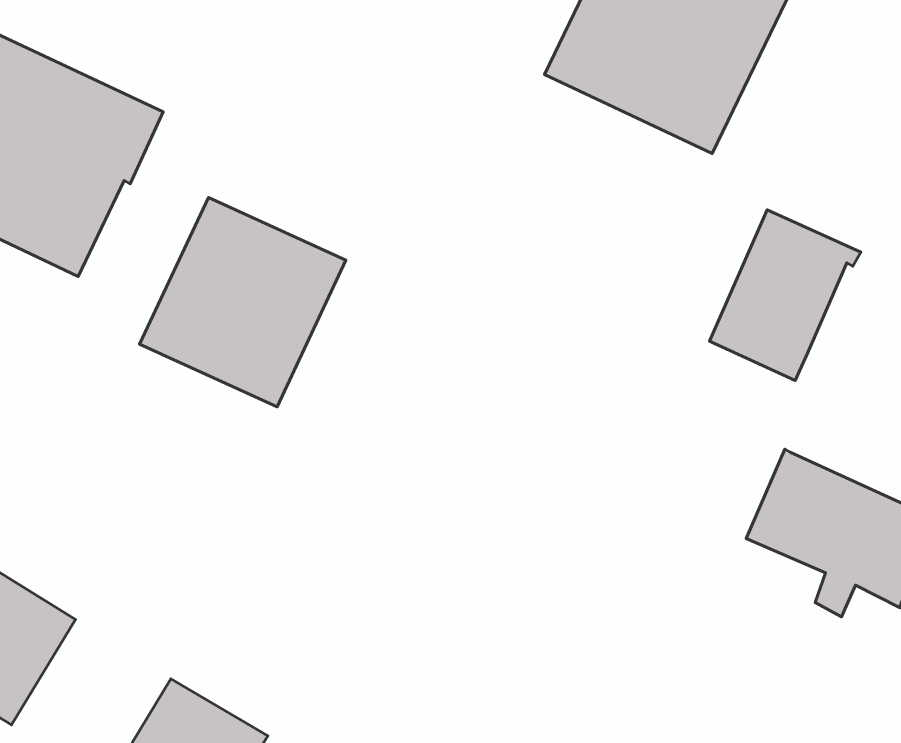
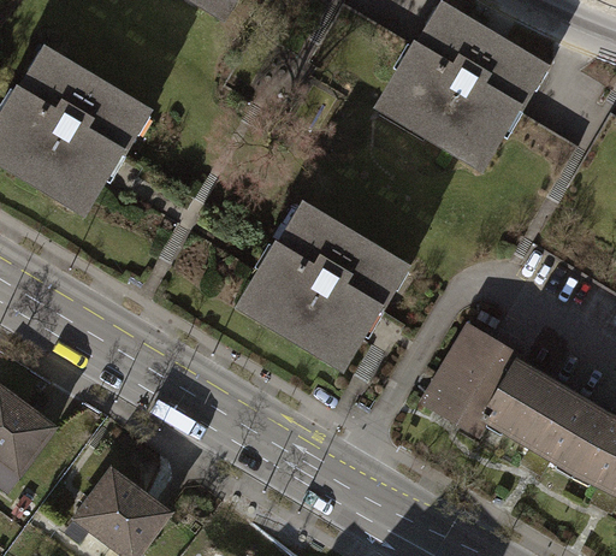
building: [140,198,346,407] -> none
building: [710,210,861,380] -> [422,321,523,431]
building: none -> [239,203,401,365]

